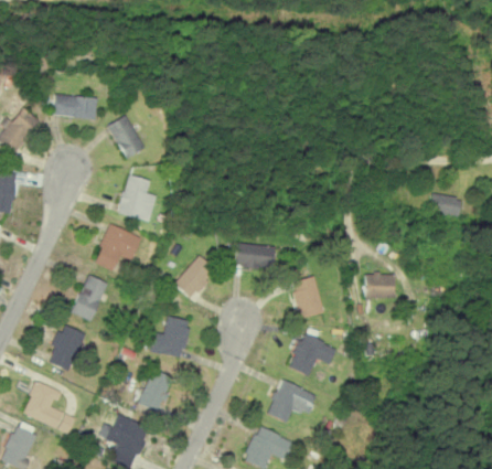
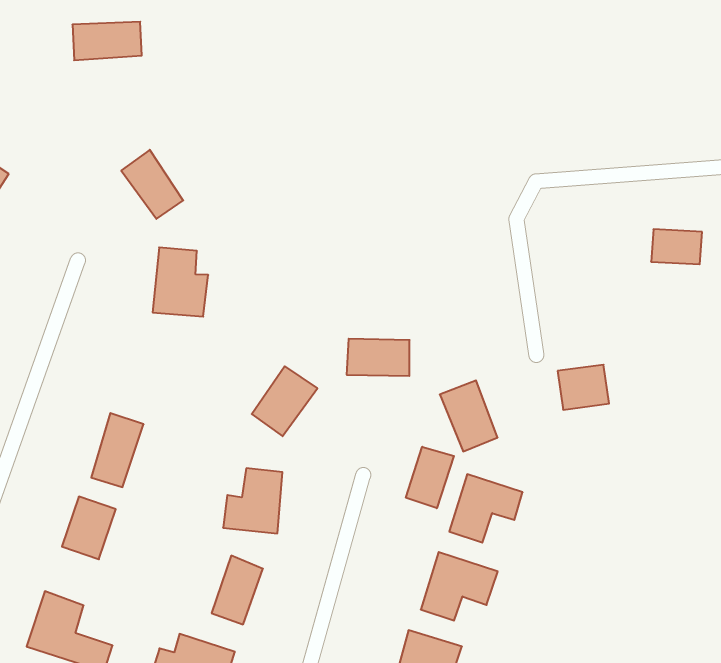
building: [54,95,97,118] -> [72,22,142,60]
building: [94,224,141,271] -> none
building: none -> [406,447,454,508]

